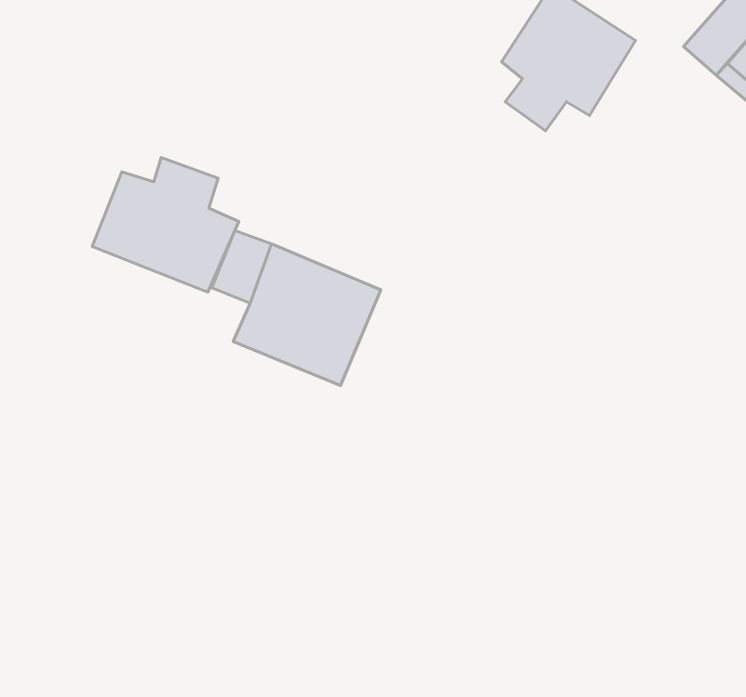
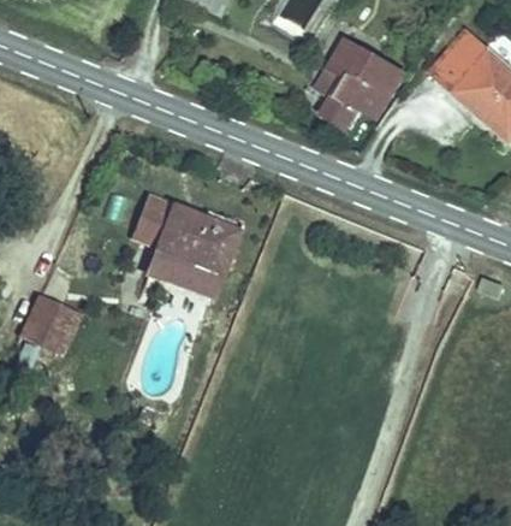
building: [92,157,239,292] -> none
building: none -> [24,292,82,349]

